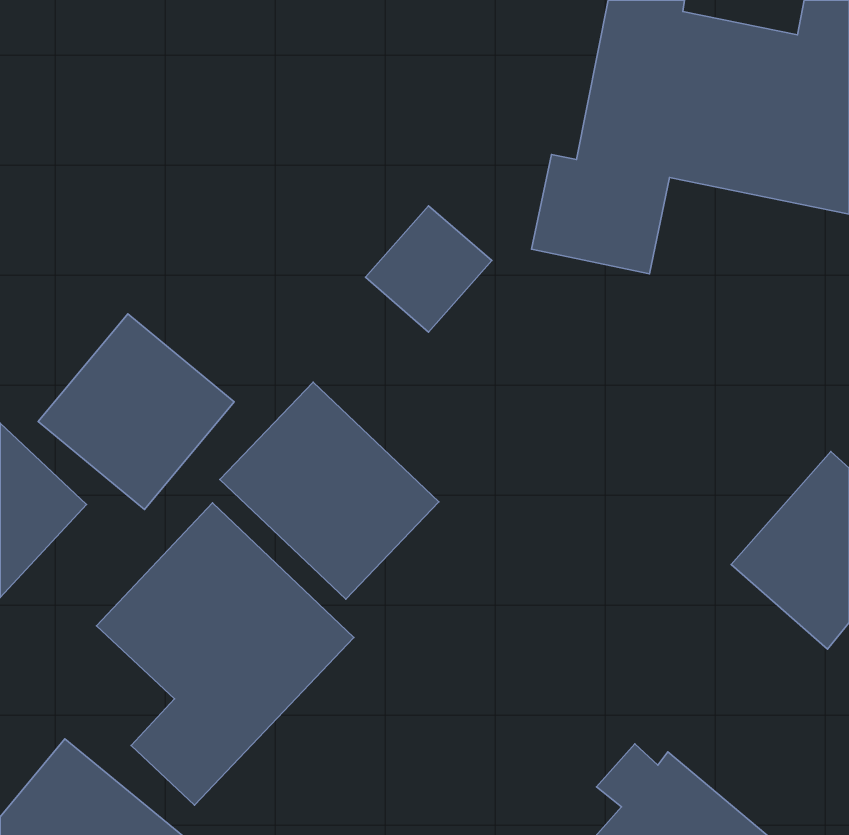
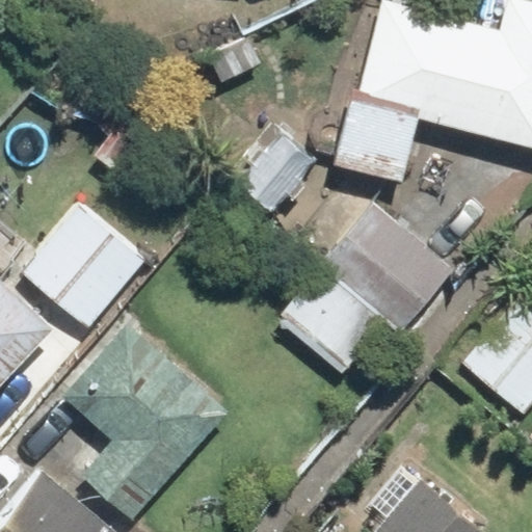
building: none -> [275,206,451,373]
building: [220,382,439,599] -> none

